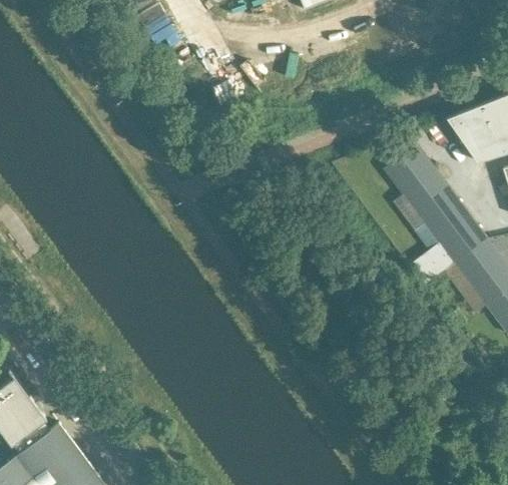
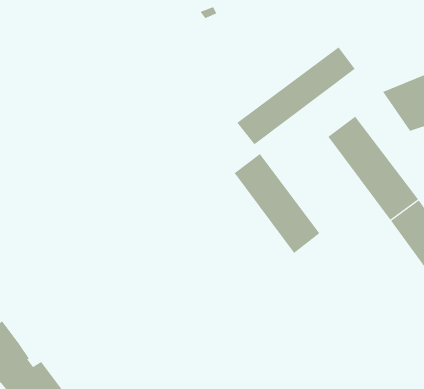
building: none -> [237,47,356,145]
building: none -> [234,153,320,254]

